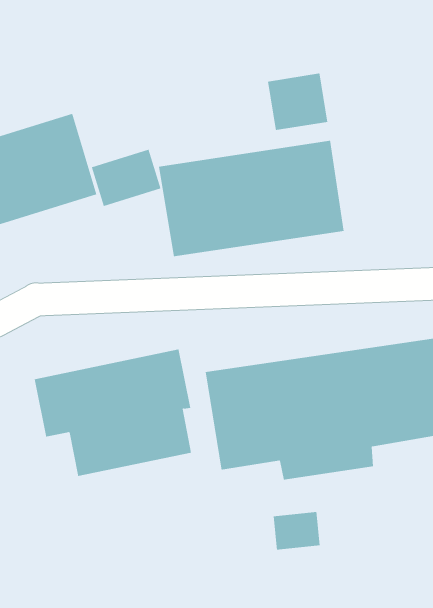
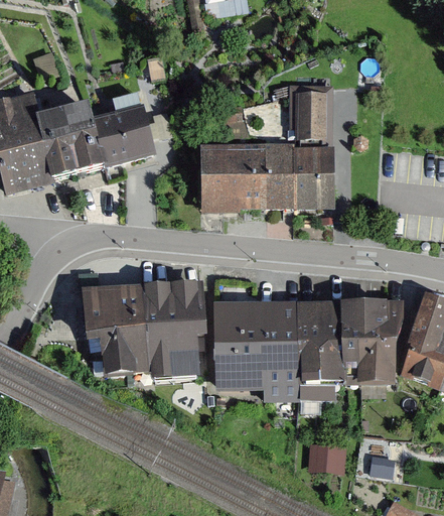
building: [91,149,161,207] -> none
building: [273,512,321,550] -> [311,439,346,467]

